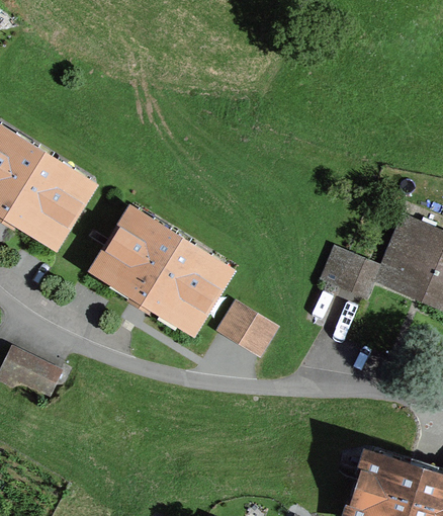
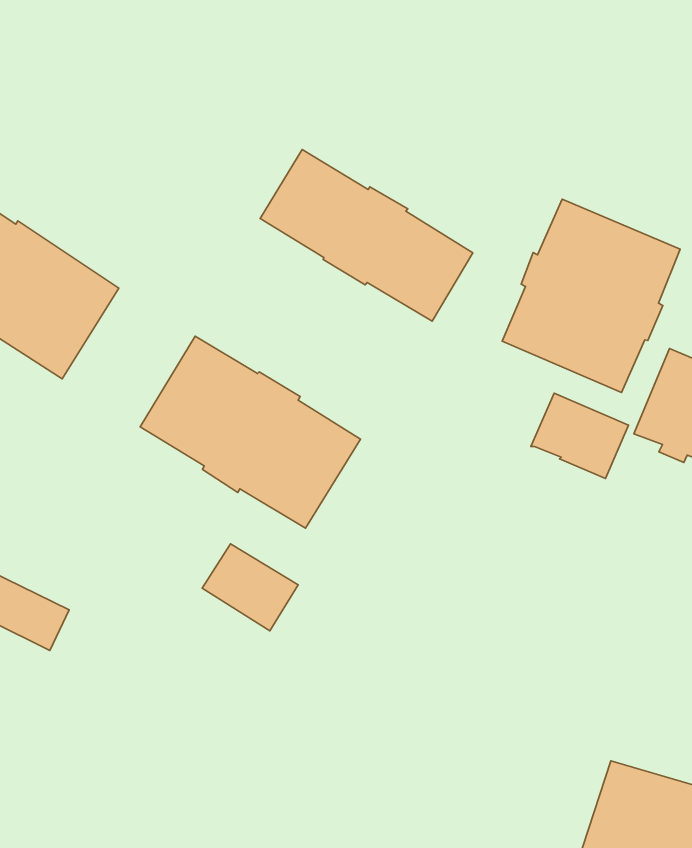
building: none -> [260,149,473,321]
building: none -> [502,199,680,393]
building: [220,304,275,353] -> [202,544,298,631]

